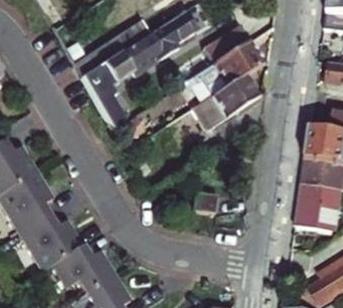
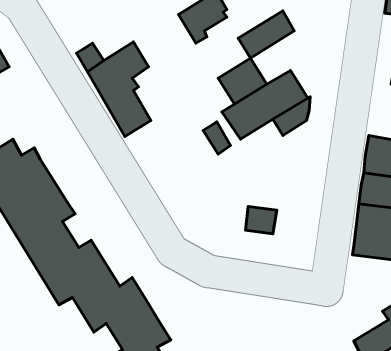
building: [116,31,166,73] -> none
building: [210,44,260,88] -> none

